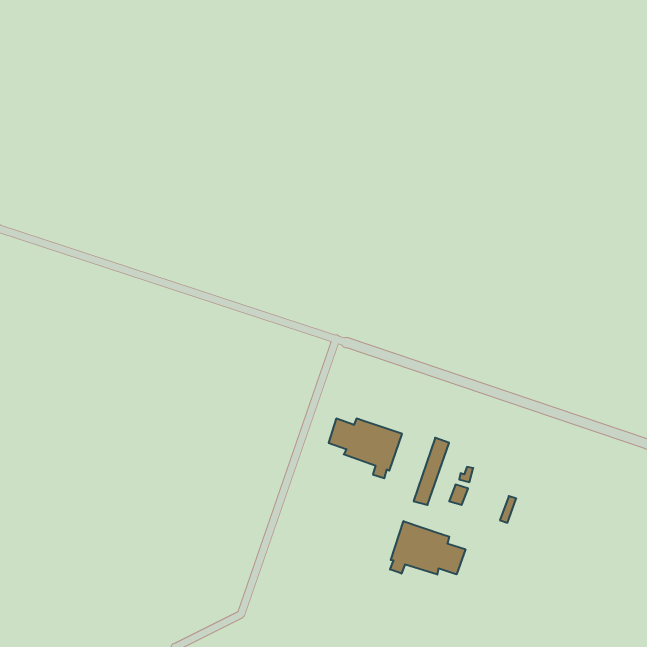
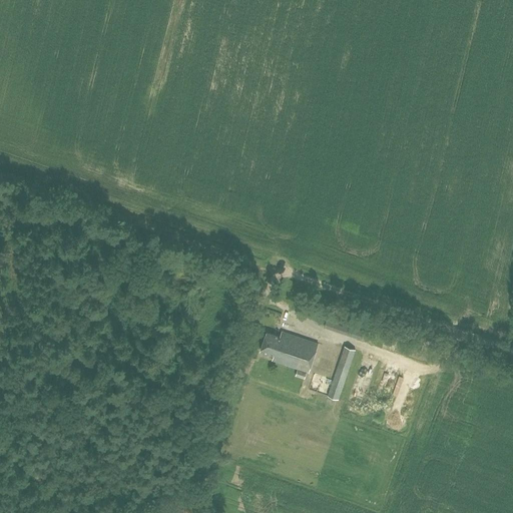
building: [390,521,465,575] -> none

